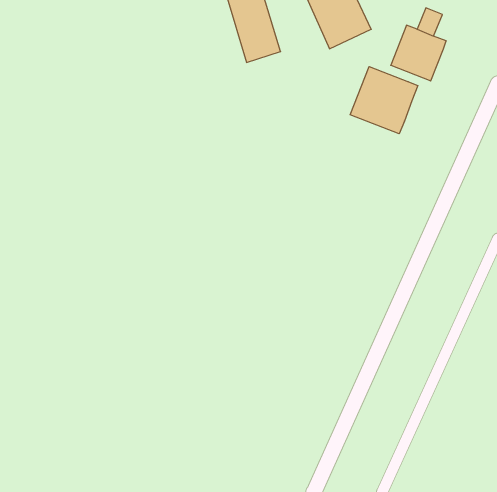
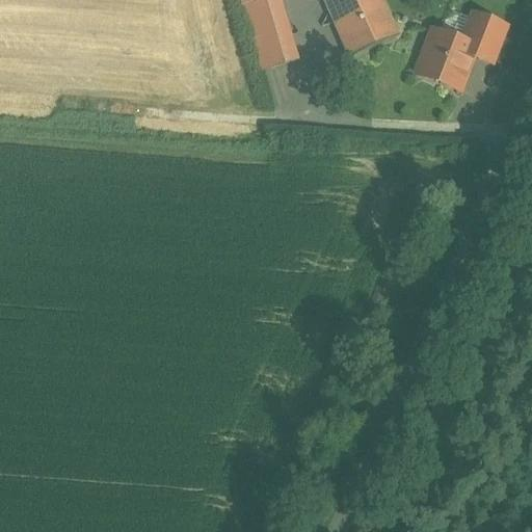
building: none -> [463,11,505,58]
building: [350,67,418,134] -> none

